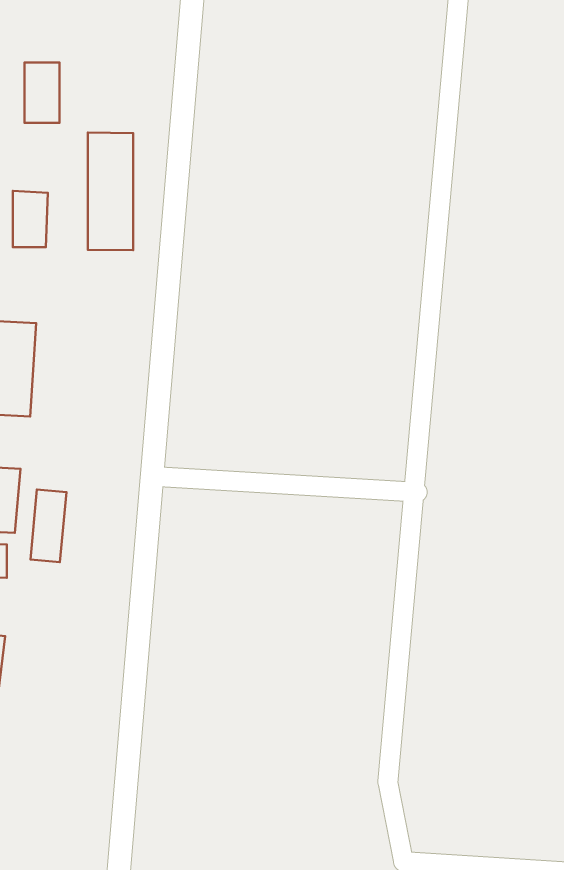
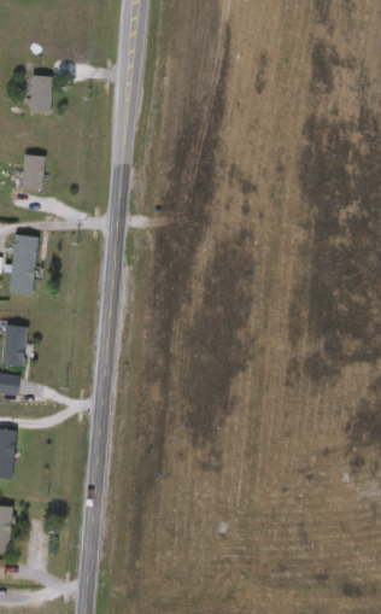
building: [88,132,133,250] -> none
building: [30,489,66,562] -> none

